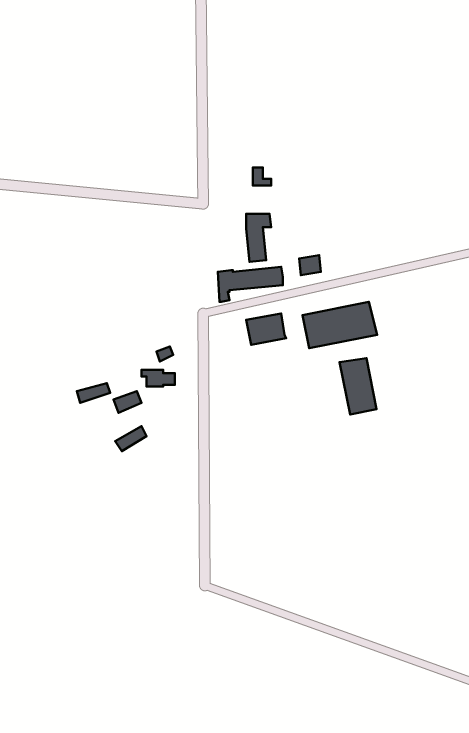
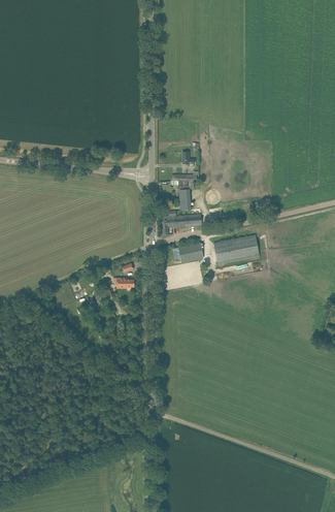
building: [340,358,377,414] -> none

